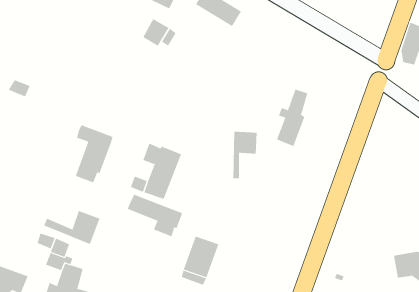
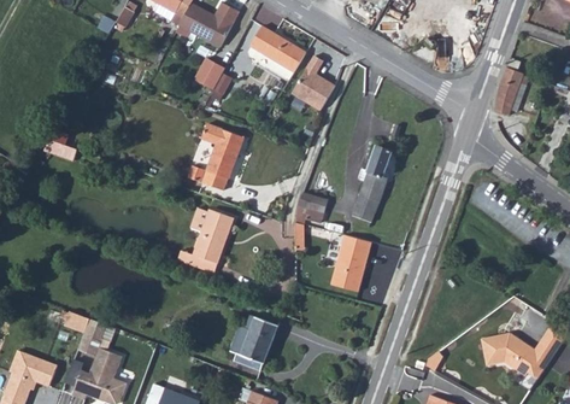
building: none -> [290,57,334,111]
building: [75,124,113,183] -> [199,121,243,189]
building: none -> [331,233,372,288]
building: [127,194,183,237] -> none
building: [44,210,100,245] -> none

